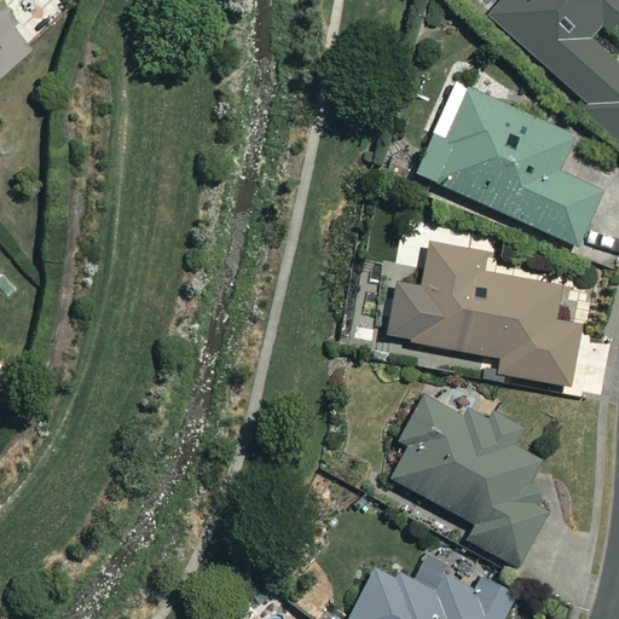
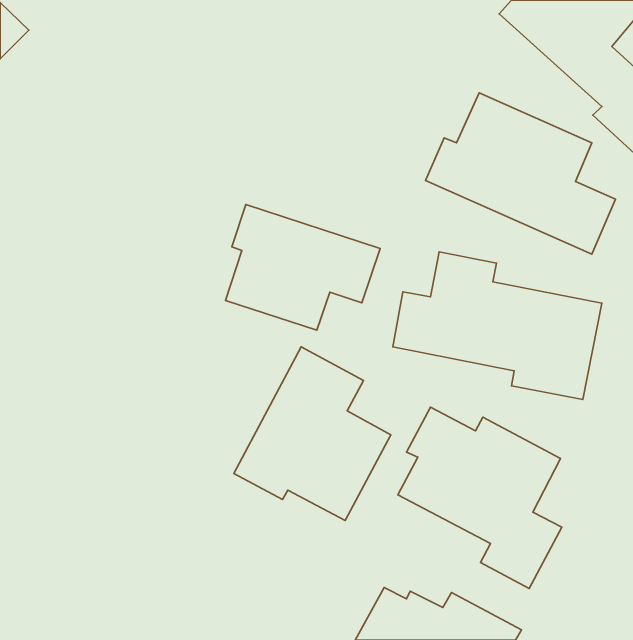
building: none -> [226,205,380,330]
building: none -> [234,347,391,521]

